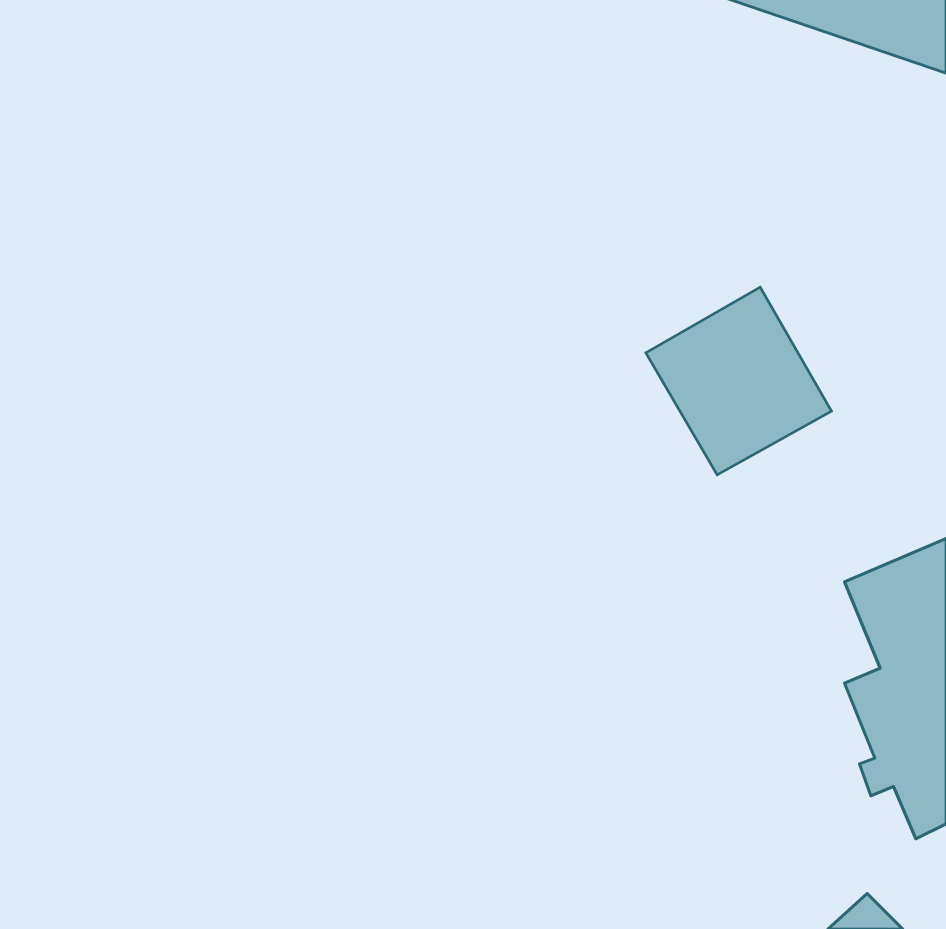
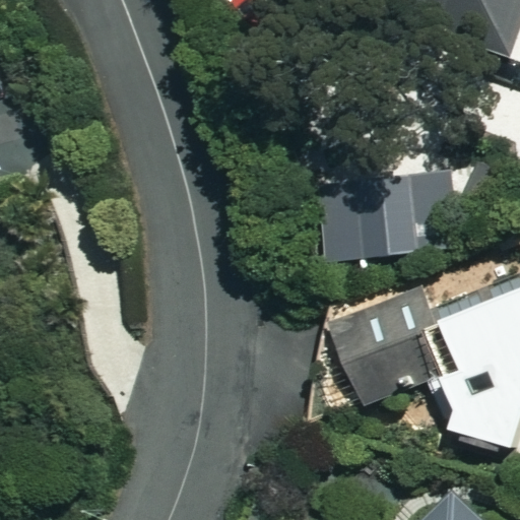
building: none -> [346,287,446,395]

